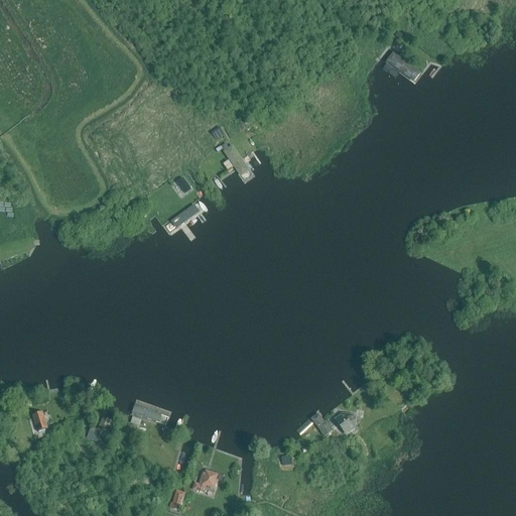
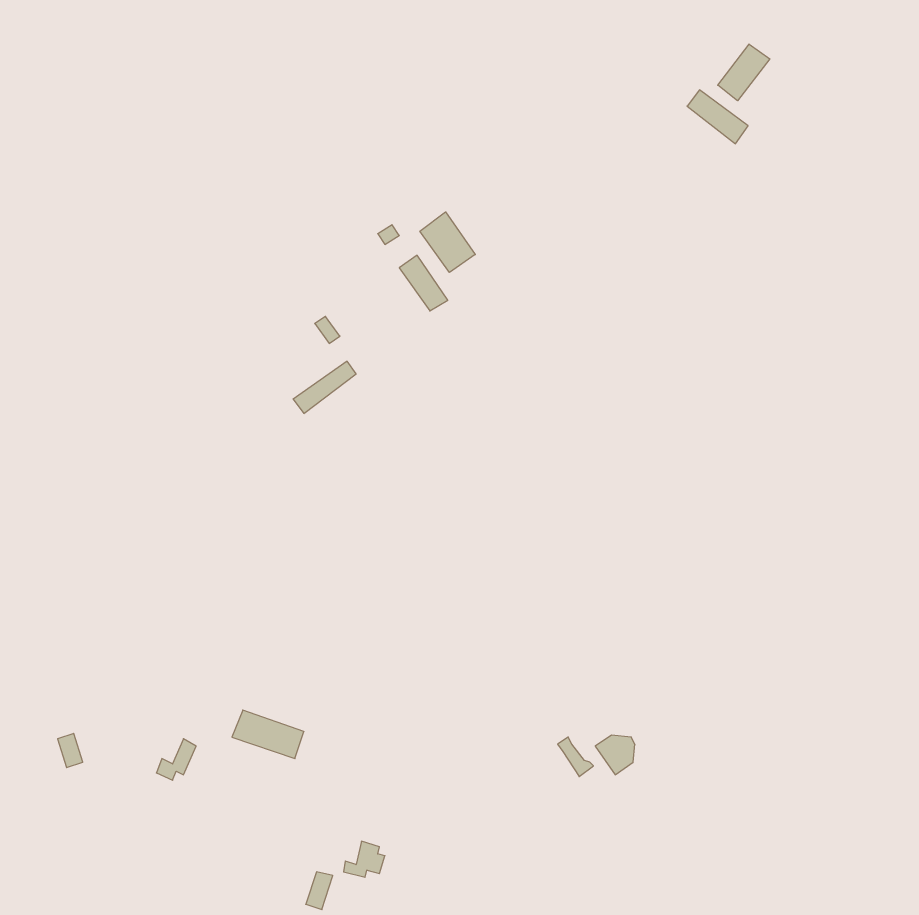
building: none -> [718,44,770,101]
building: none -> [420,212,475,272]

